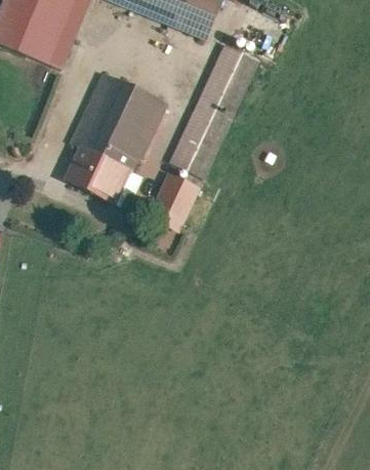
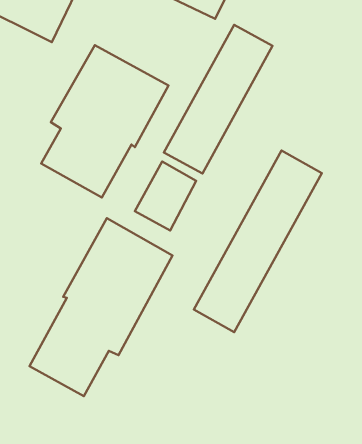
building: none -> [194,150,322,332]
building: none -> [30,218,172,396]

